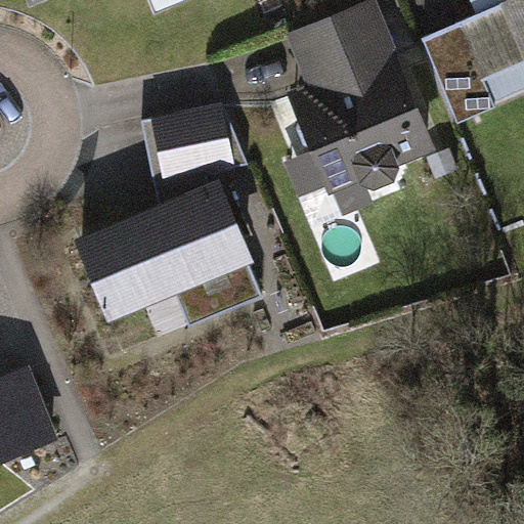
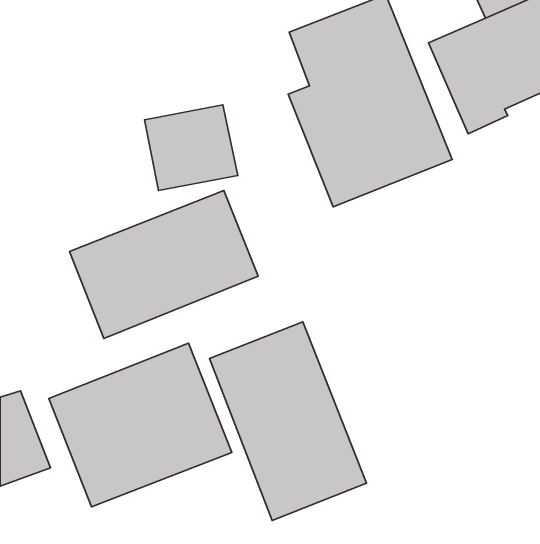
building: none -> [209,322,366,520]
building: none -> [49,343,232,507]

